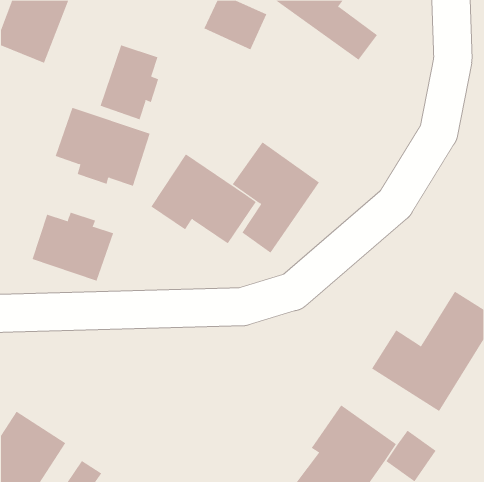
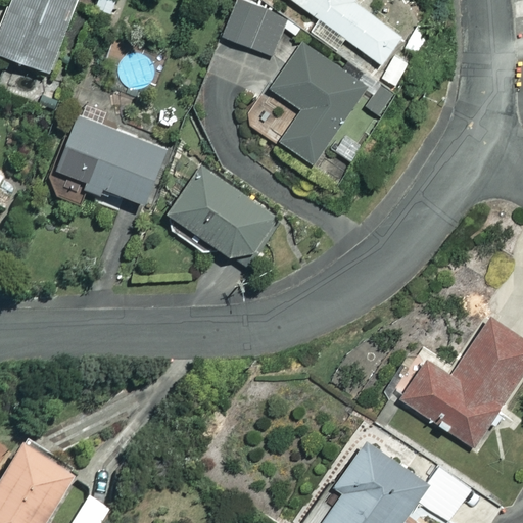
building: [100,45,159,120] -> none
building: [232,142,320,253] -> [271,43,366,163]
building: [32,212,114,282] -> none

